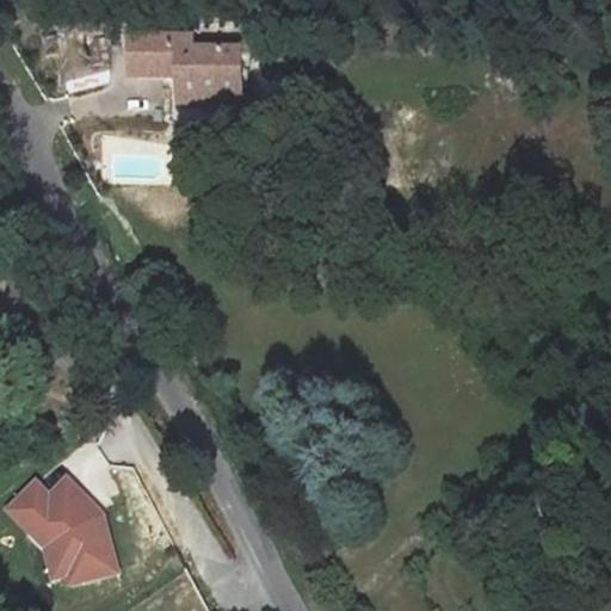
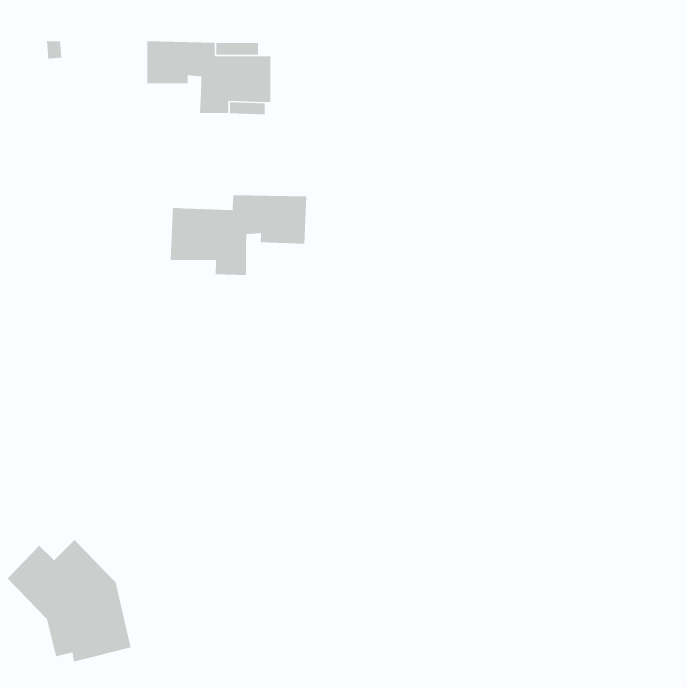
building: none -> [170,194,307,276]

